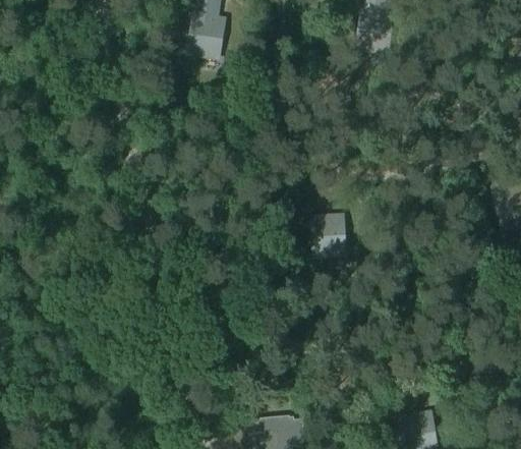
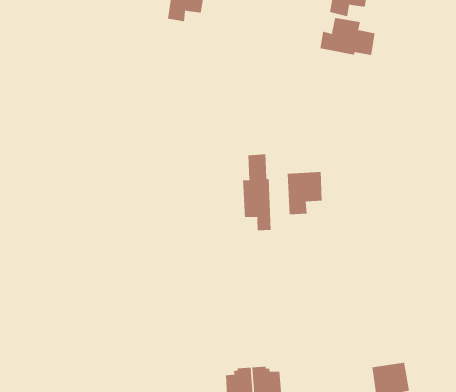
building: none -> [320,17,375,56]
building: none -> [243,153,271,231]

